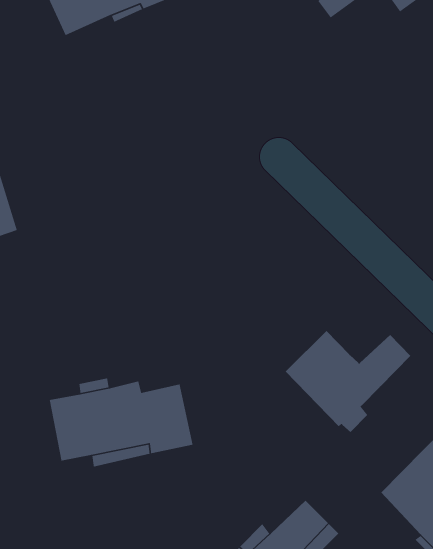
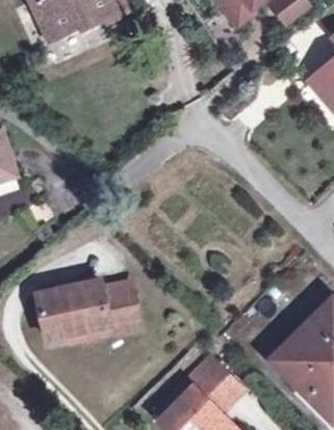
building: [285,330,411,433] -> none

